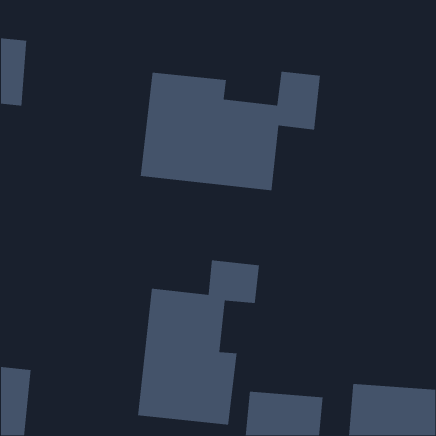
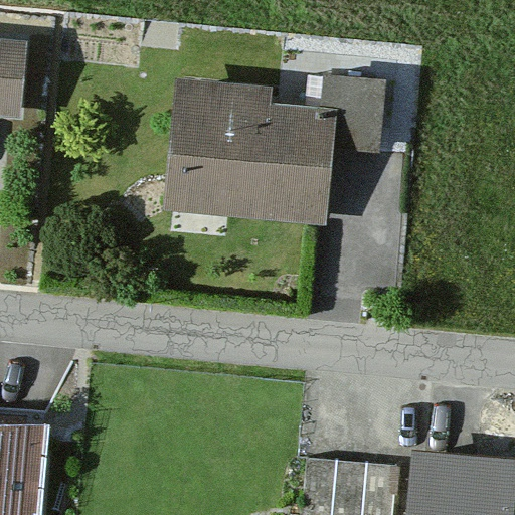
building: [137,260,260,426] -> none

